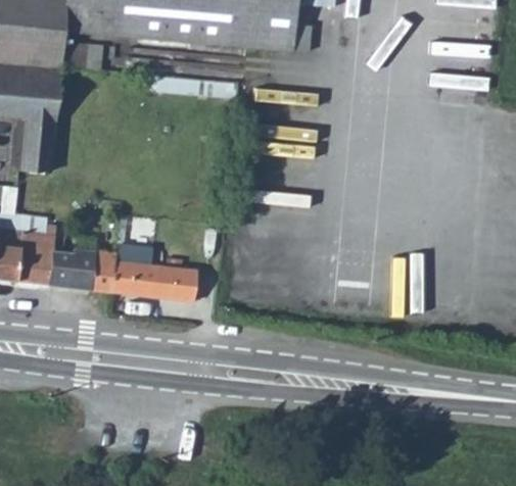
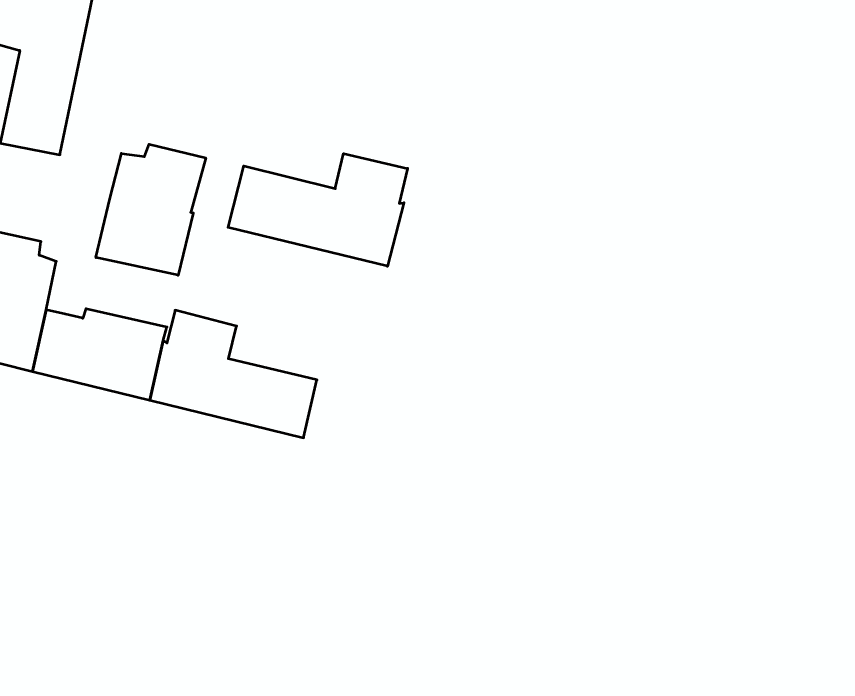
building: none -> [228,154,408,266]
building: none -> [96,144,206,275]

